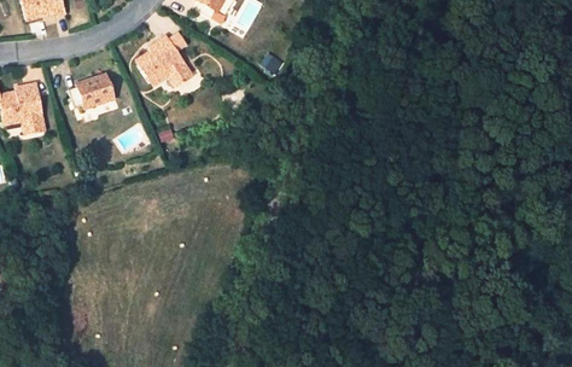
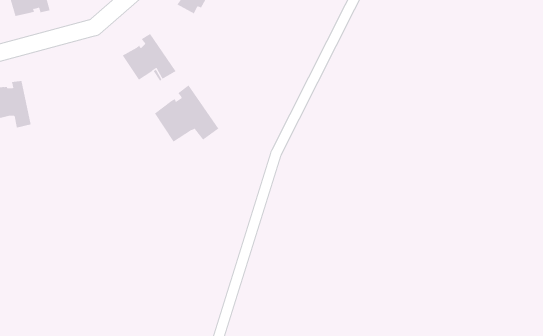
building: [69,72,113,106] -> none
building: none -> [154,85,219,143]

